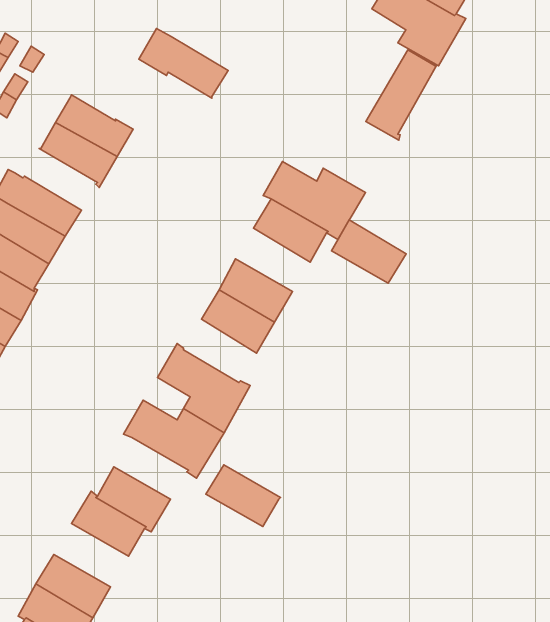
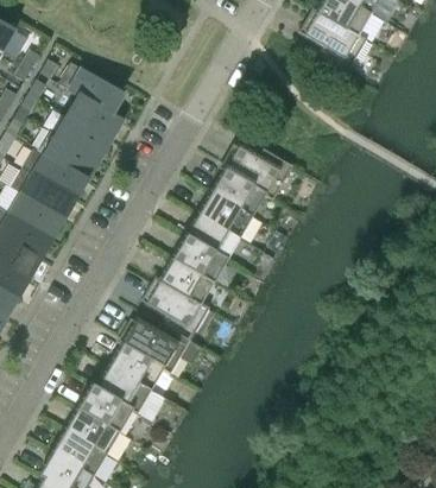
building: [139,28,228,98] -> [57,63,122,114]
building: [366,50,437,140] -> none
building: none -> [37,131,97,179]
building: [331,220,406,283] -> [198,192,253,239]
building: none -> [160,259,214,305]
building: [206,465,281,527] -> [109,346,164,391]
building: none -> [65,408,120,455]

